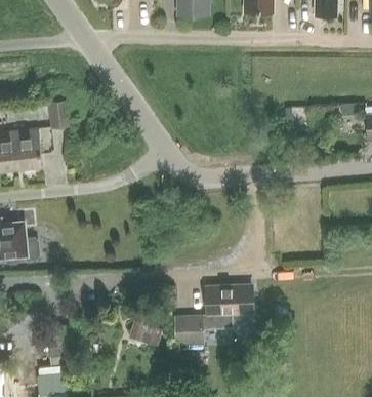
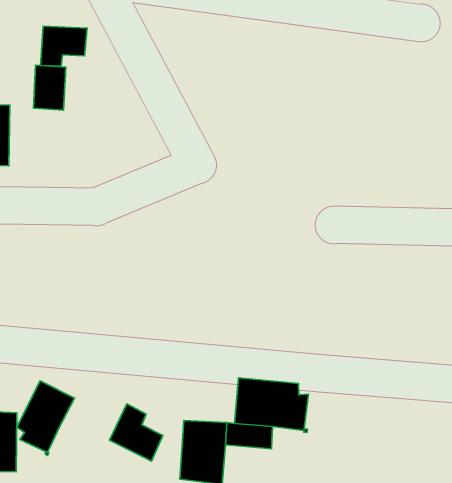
building: none -> [41,26,87,66]
building: none -> [17,381,74,455]

